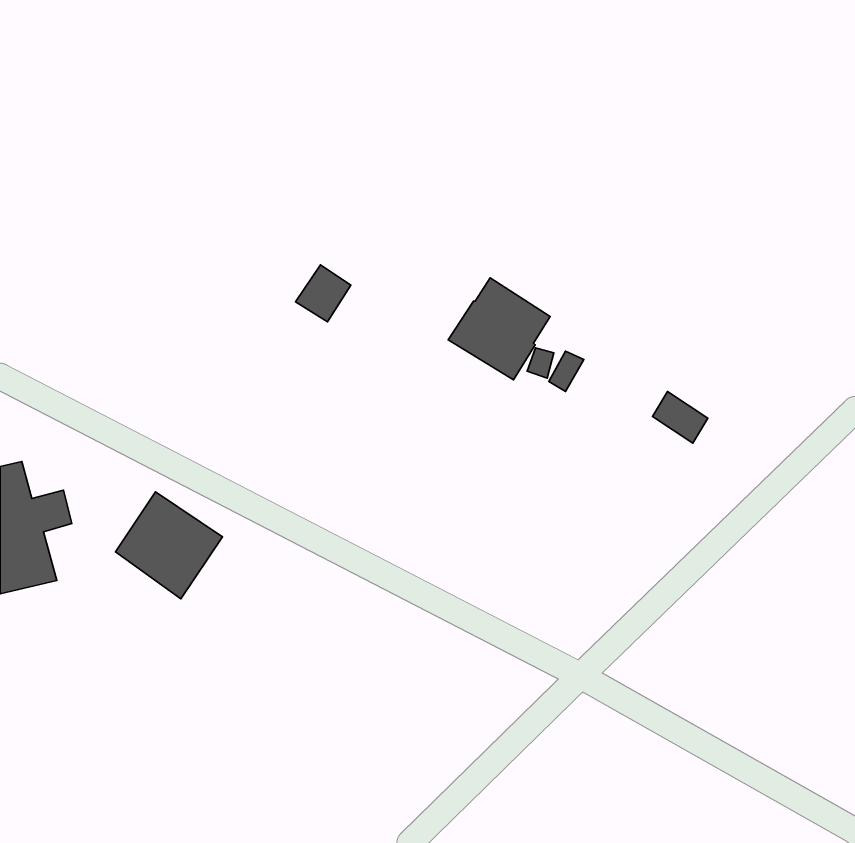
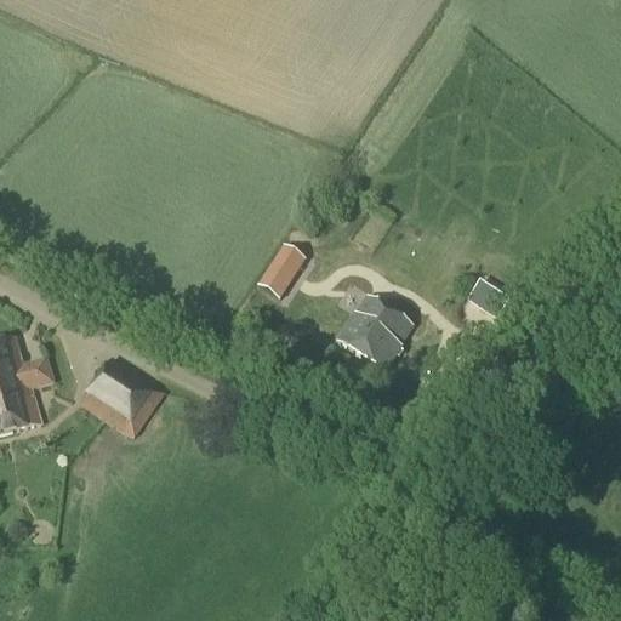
building: [296,265,351,322] -> [264,243,304,284]
building: [448,278,550,380] -> [337,295,411,369]

